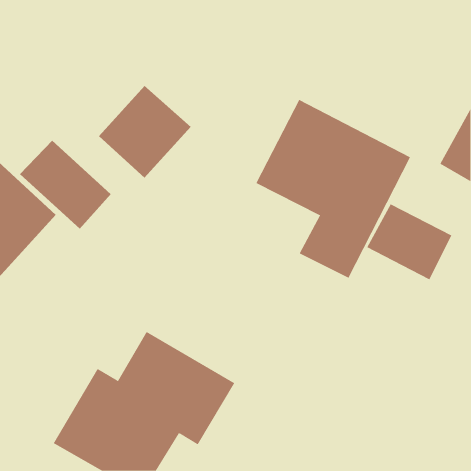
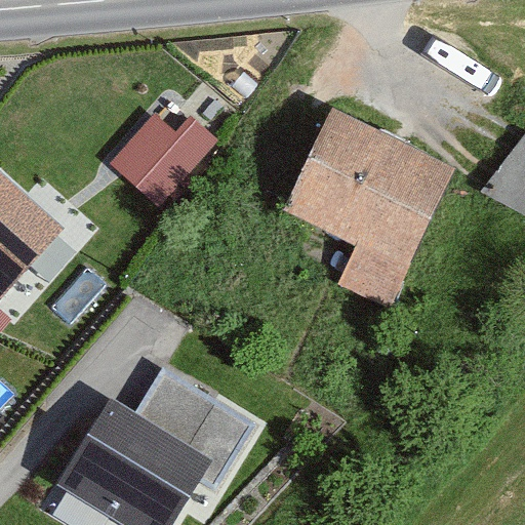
building: [19,140,111,229] -> none
building: [367,203,452,280] -> none

